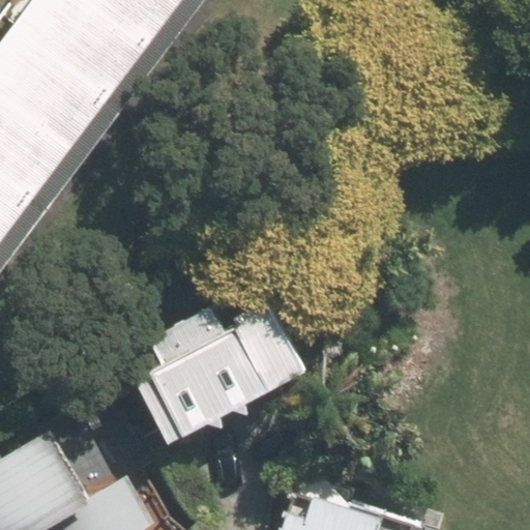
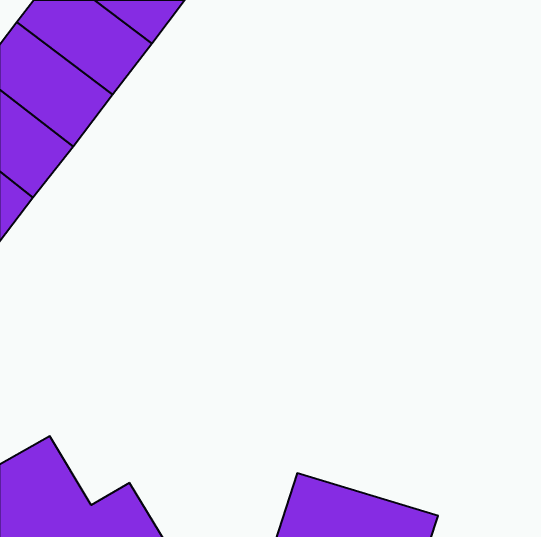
building: [129,303,304,444] -> none

